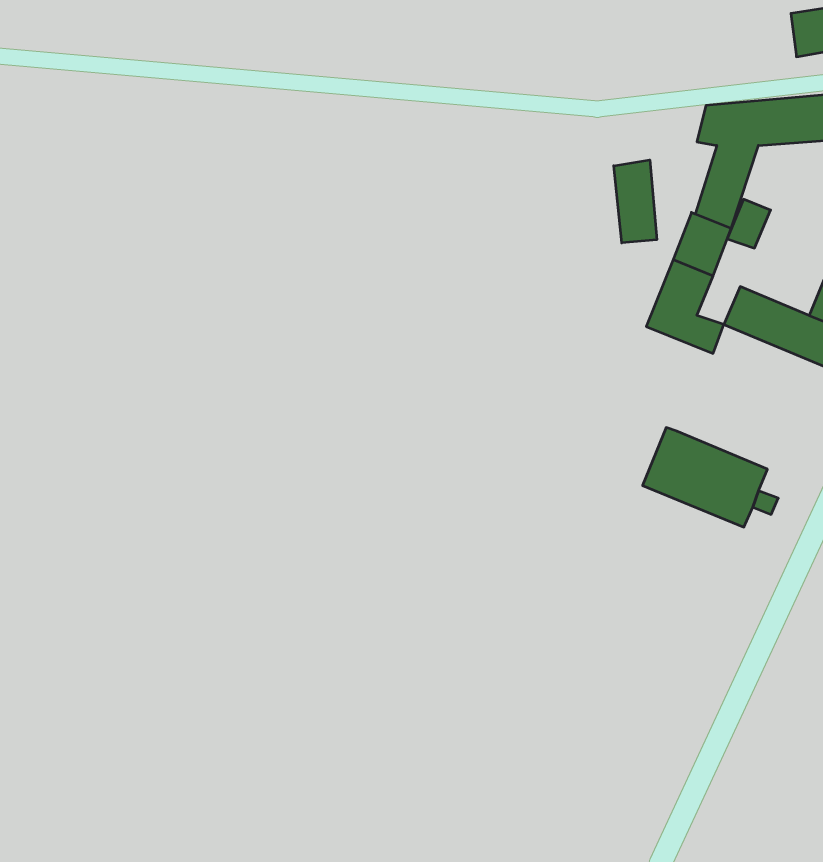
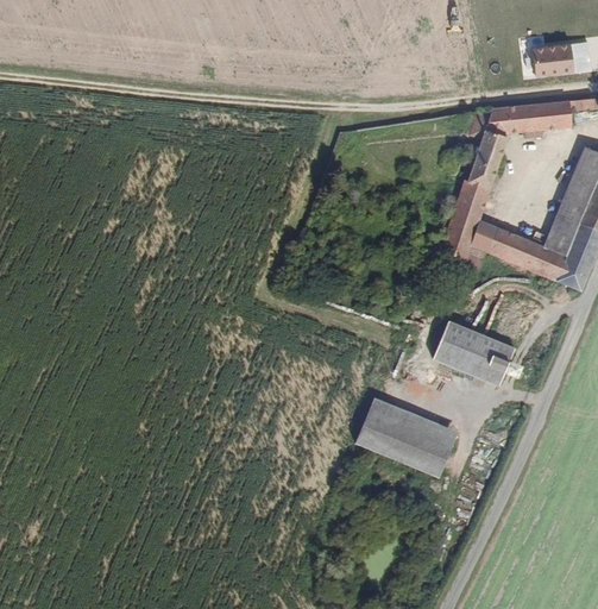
building: [614,160,657,243] -> none
building: [727,199,771,248] -> [470,220,498,252]
building: none -> [357,397,458,477]

